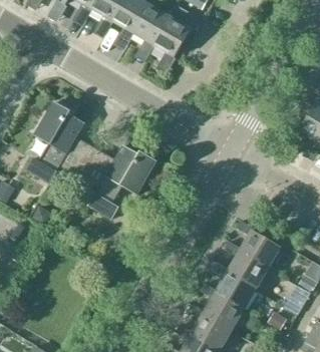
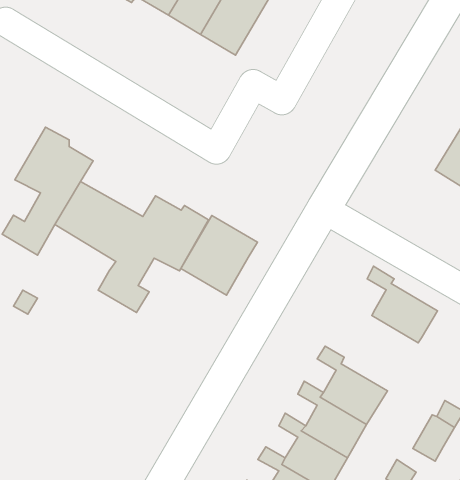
building: none -> [181,216,257,295]
building: [237,220,281,268] -> [367,266,437,343]

